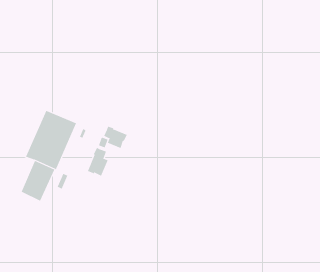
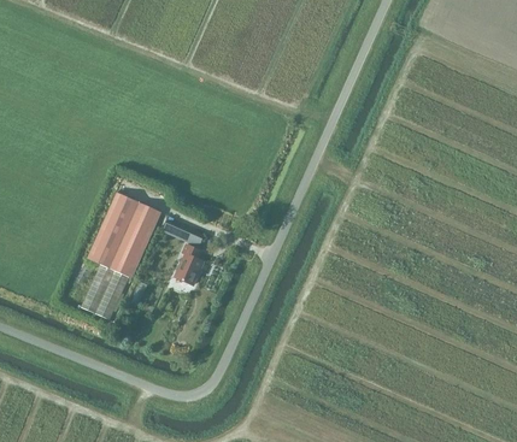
building: [103,126,127,149] -> none

